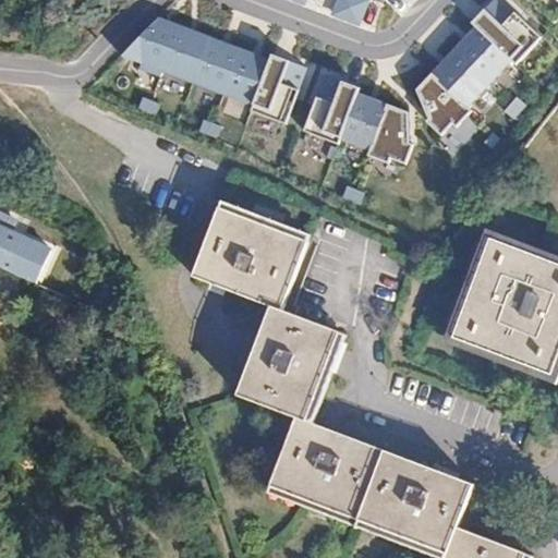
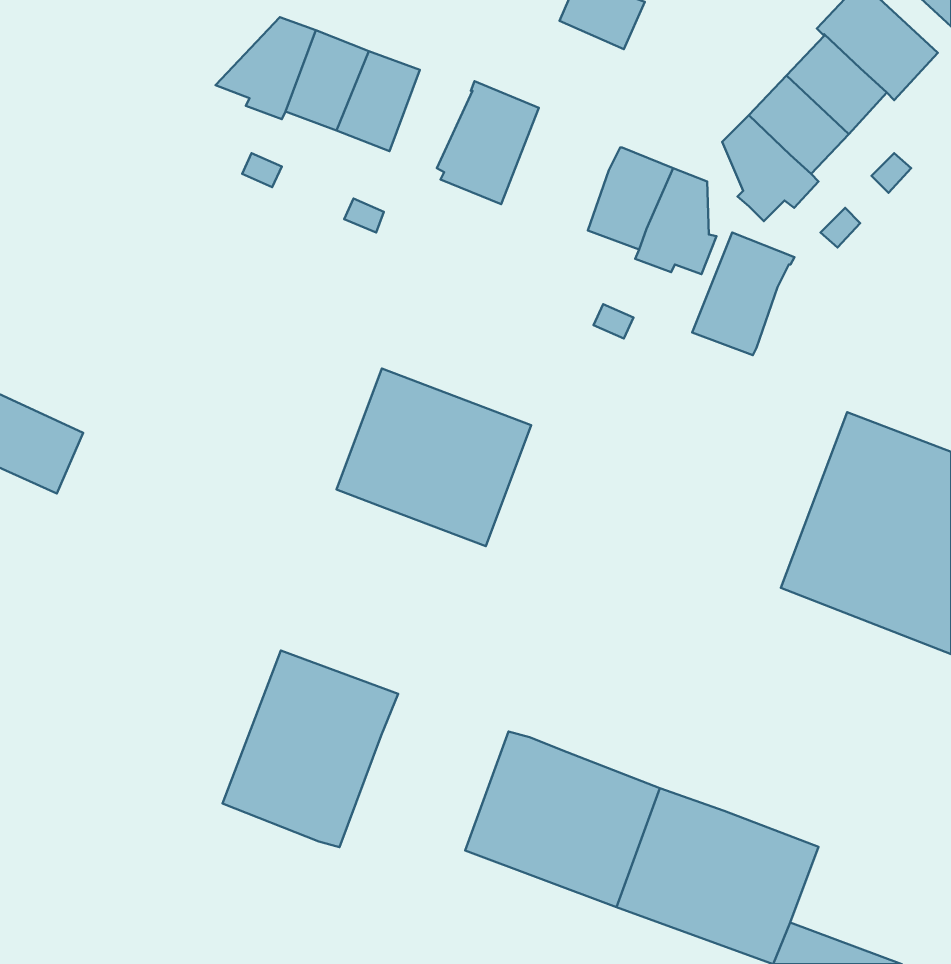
building: [225,40,272,97] -> none
building: [302,66,361,137] -> [692,232,794,355]
building: [238,312,339,425] -> [222,651,398,847]

